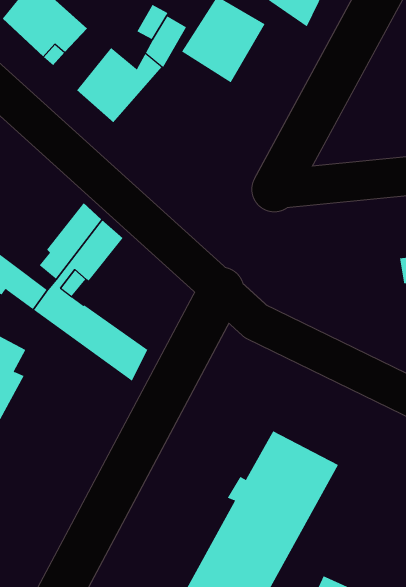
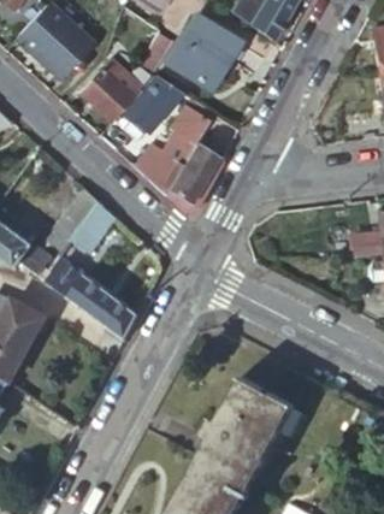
building: none -> [122,76,178,132]
building: none -> [132,107,221,212]

